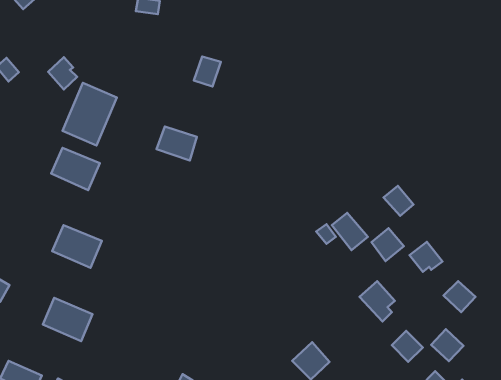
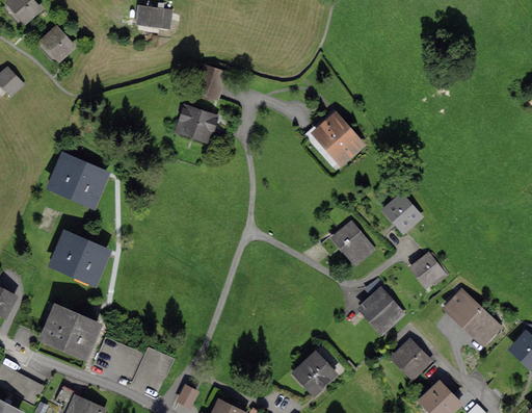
building: [48,57,77,89] -> [42,26,71,58]
building: [63,83,117,145] -> none
building: none -> [318,118,357,158]
building: [157,127,197,161] -> [176,106,216,140]
building: [371,228,404,261] -> none
building: [431,329,463,361] -> [464,308,497,340]

